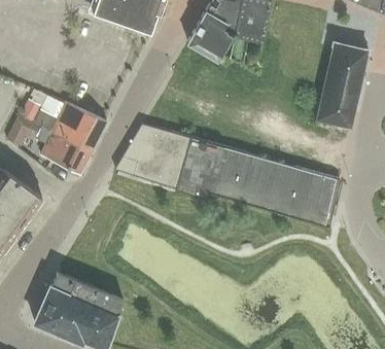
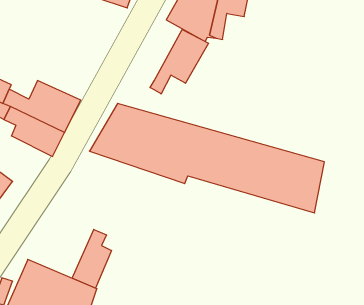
building: [314,42,366,127] -> none
building: none -> [150,29,209,94]
building: none -> [72,229,111,288]

